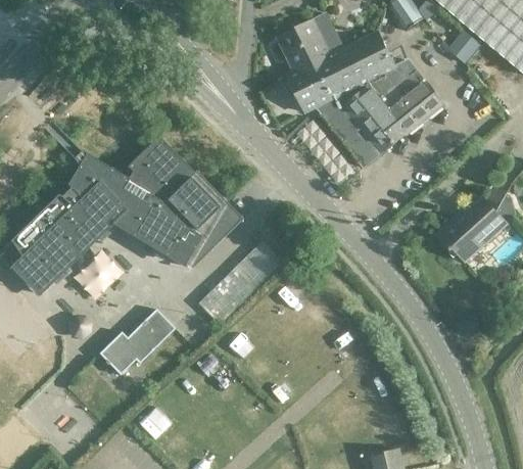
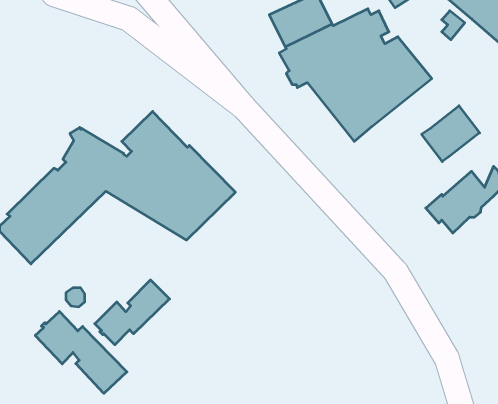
building: none -> [422,106,480,162]
building: [198,240,284,325] -> none
building: none -> [35,311,127,393]

